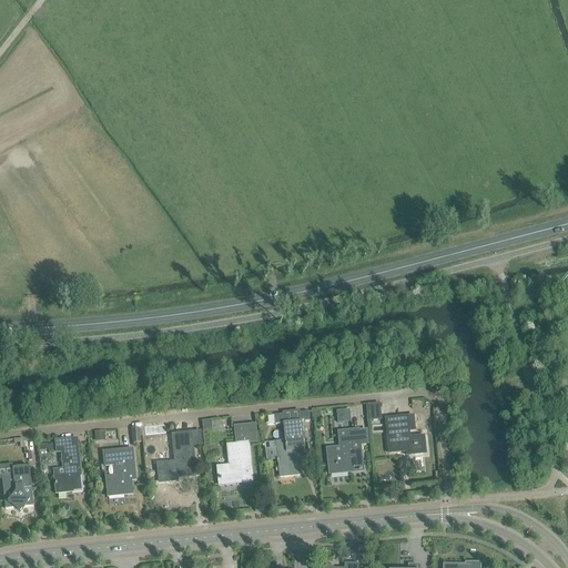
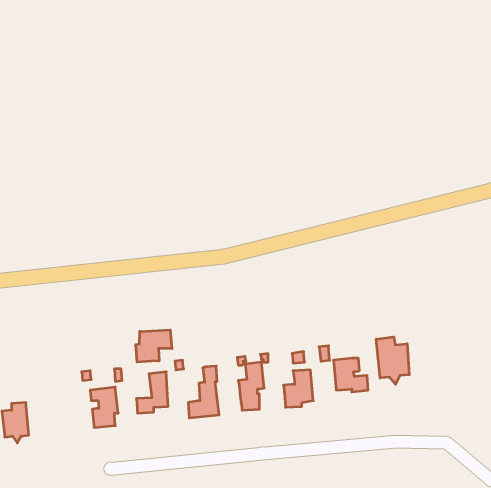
building: none -> [136,330,172,362]
building: none -> [376,337,409,384]
building: [54,435,82,491] -> none

